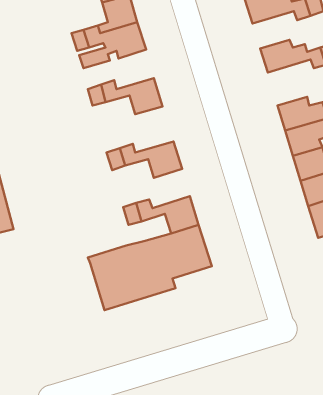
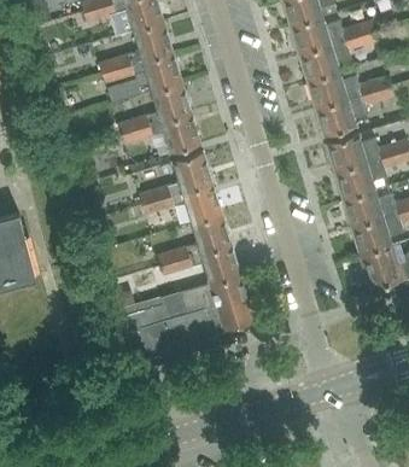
building: none -> [299,40,351,81]
building: none -> [147,82,191,125]
building: none -> [316,93,369,136]
building: none -> [168,152,212,195]
building: none -> [186,214,230,257]

